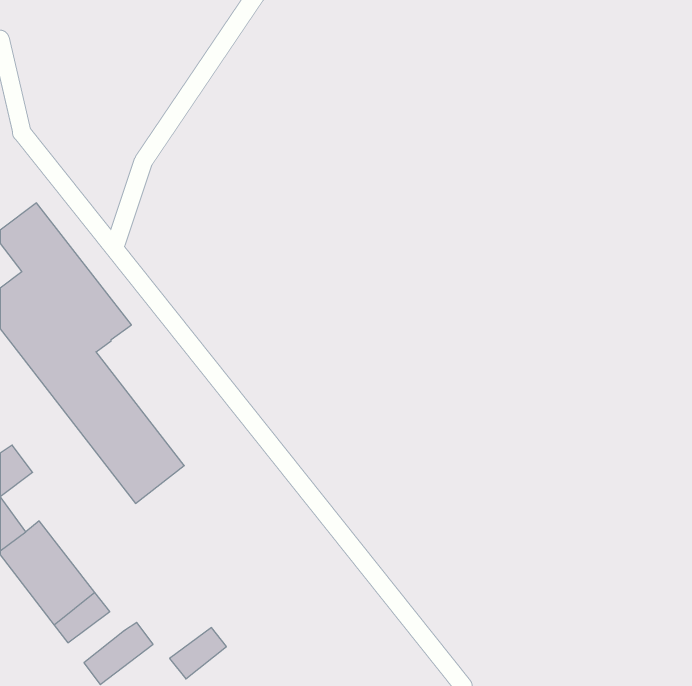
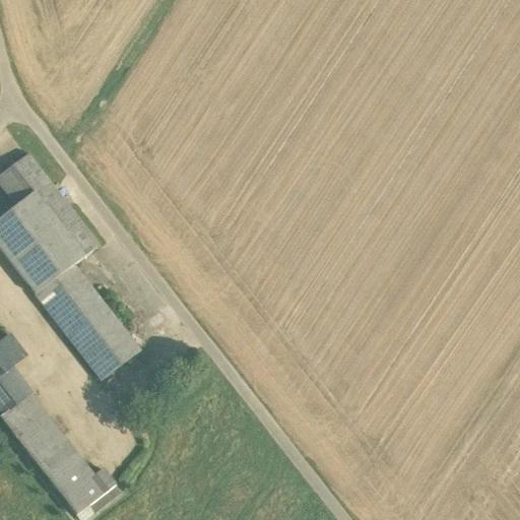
building: [170,628,226,679] -> [51,459,93,498]

